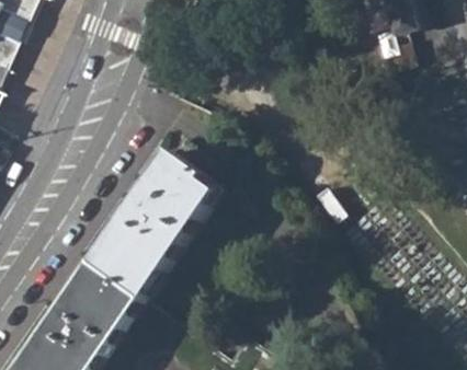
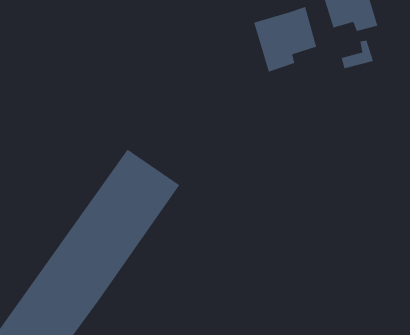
building: none -> [254,6,317,72]

